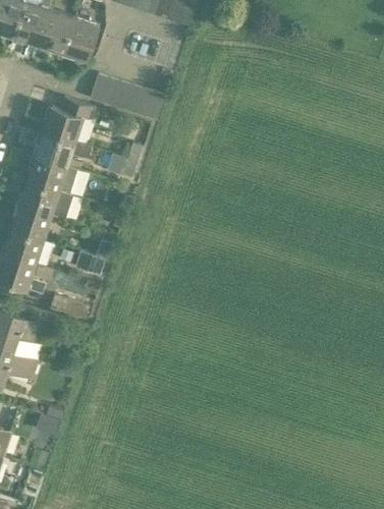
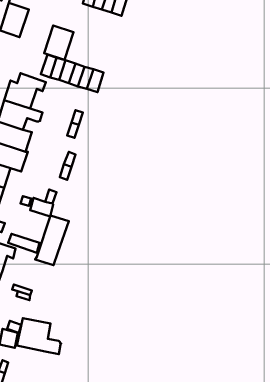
building: [62,18,99,61] -> [44,25,74,60]
building: none -> [35,215,69,265]
building: none -> [17,318,61,354]

